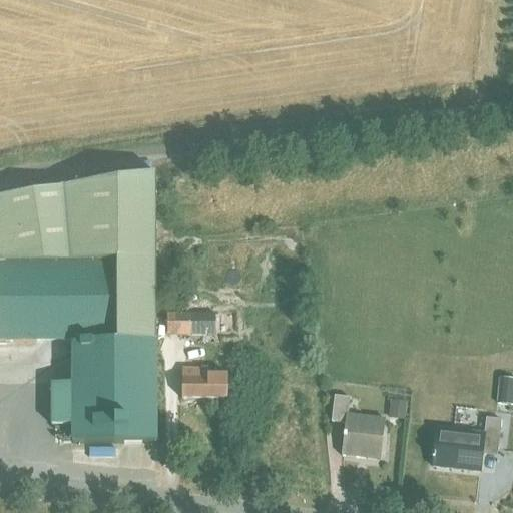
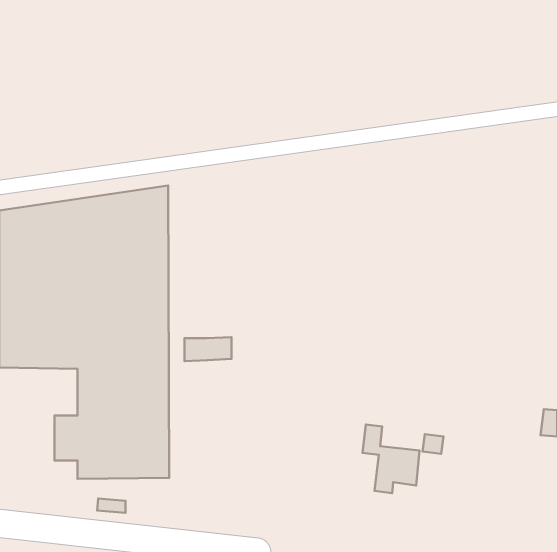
building: [181,366,225,396] -> none
building: [431,415,500,469] -> none

